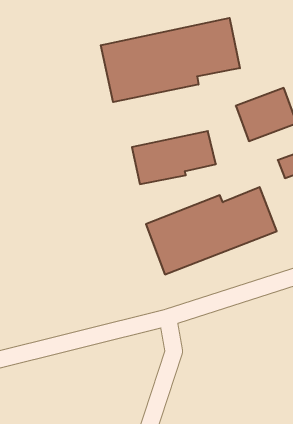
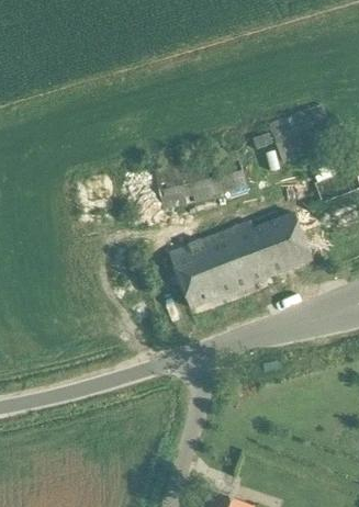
building: [101,18,240,102] -> none

